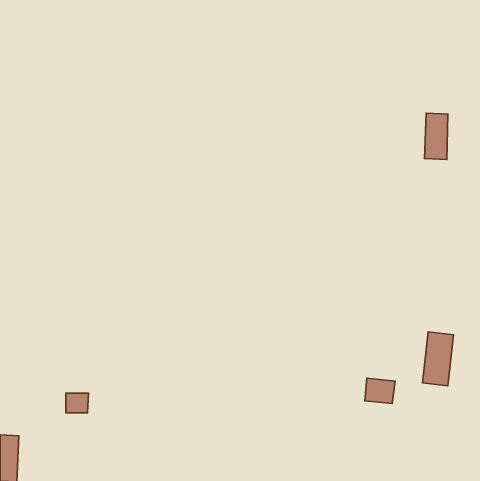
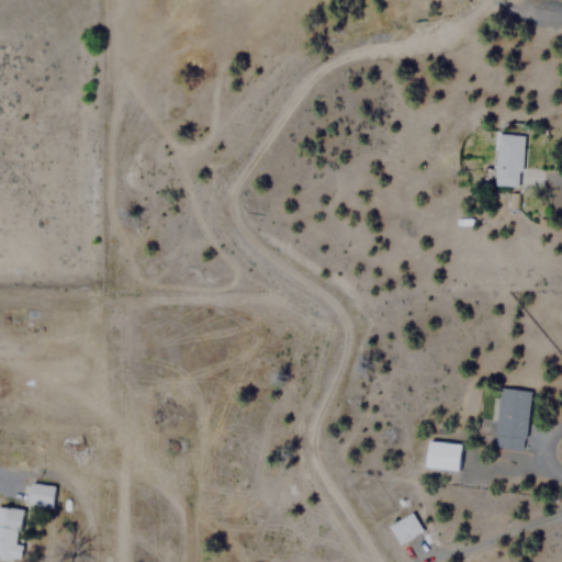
building: [66,393,88,413] -> [29,484,55,507]
building: none -> [389,513,423,544]

